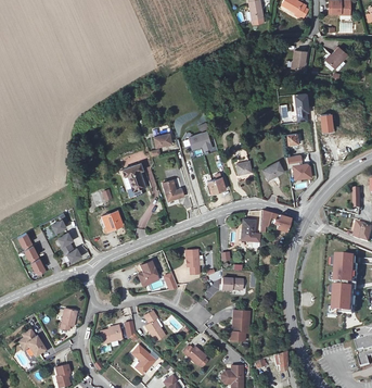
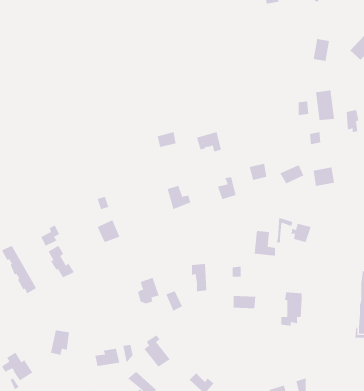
building: [119,162,146,196] -> none
building: [228,309,247,339] -> [281,292,303,326]

